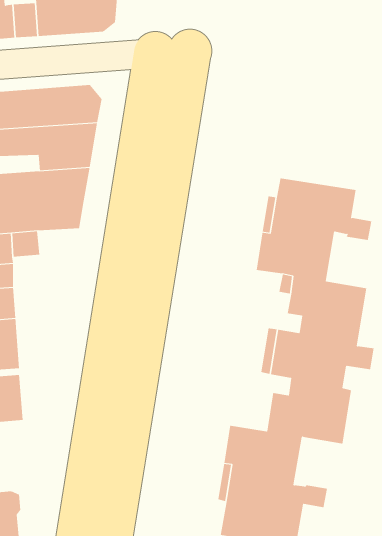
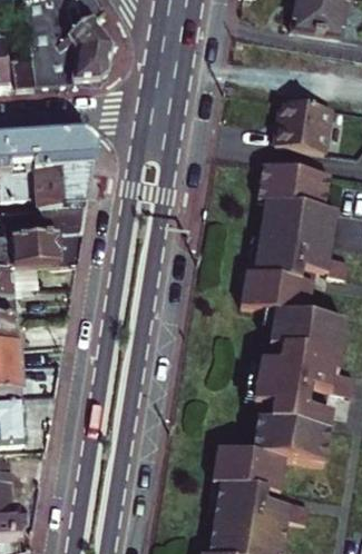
building: none -> [274,97,325,147]
building: none -> [257,160,339,228]

